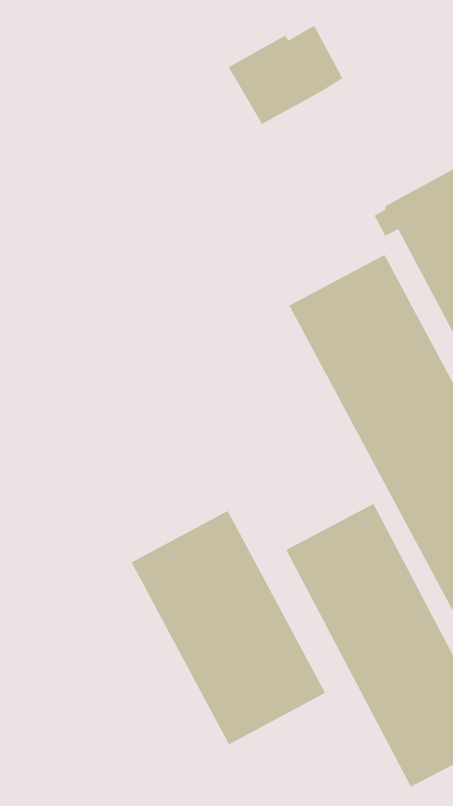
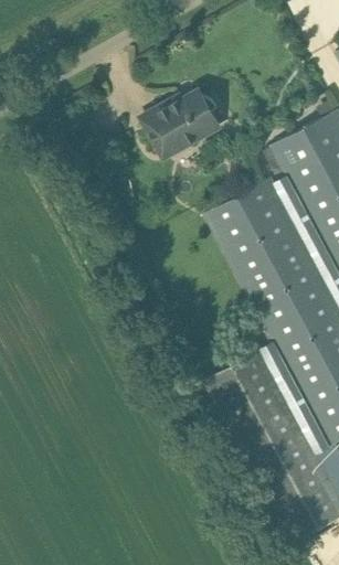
building: [228,25,343,125] -> [141,88,221,157]
building: [131,510,326,745] -> none

